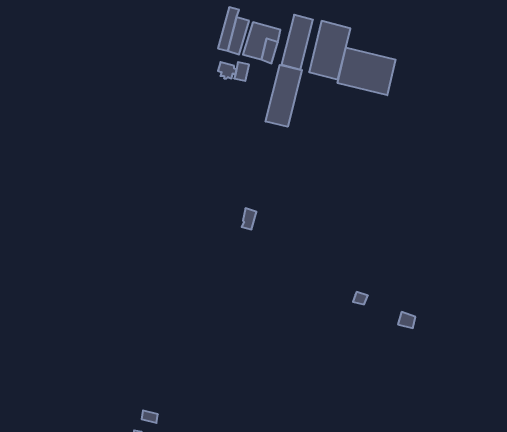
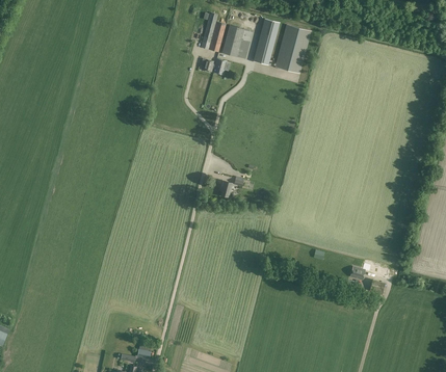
building: [338,47,396,95] -> none
building: [266,65,302,127] -> none

